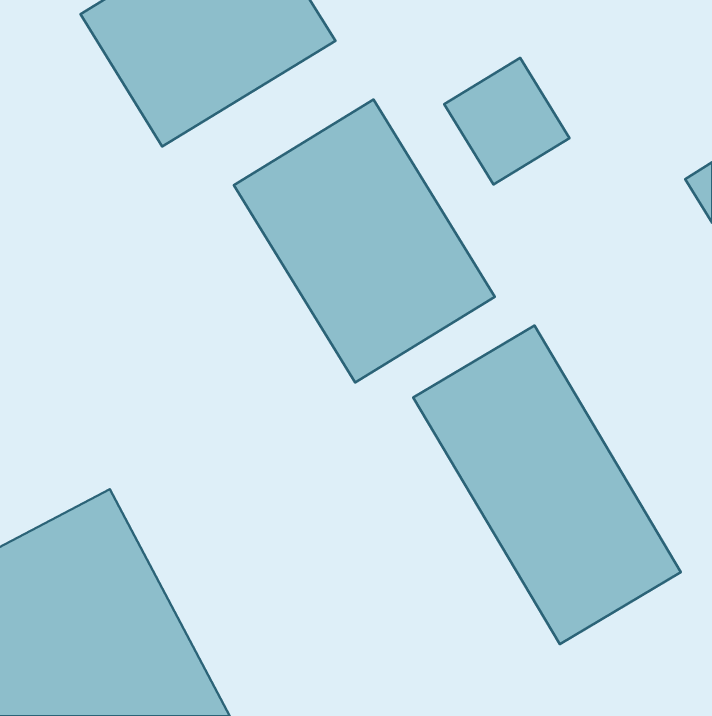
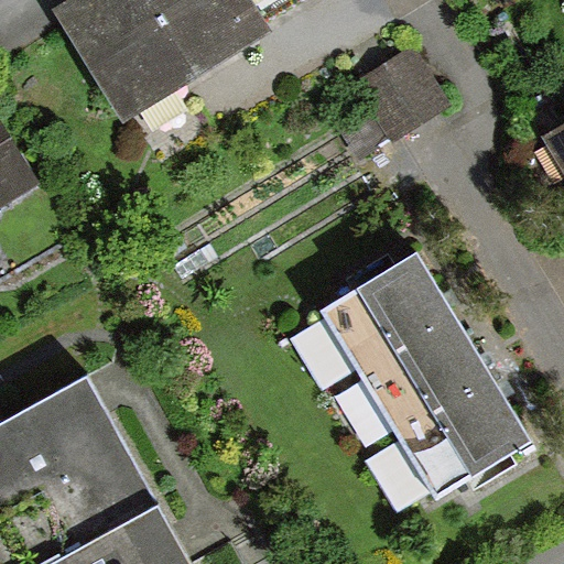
building: [234,99,495,383] -> none

